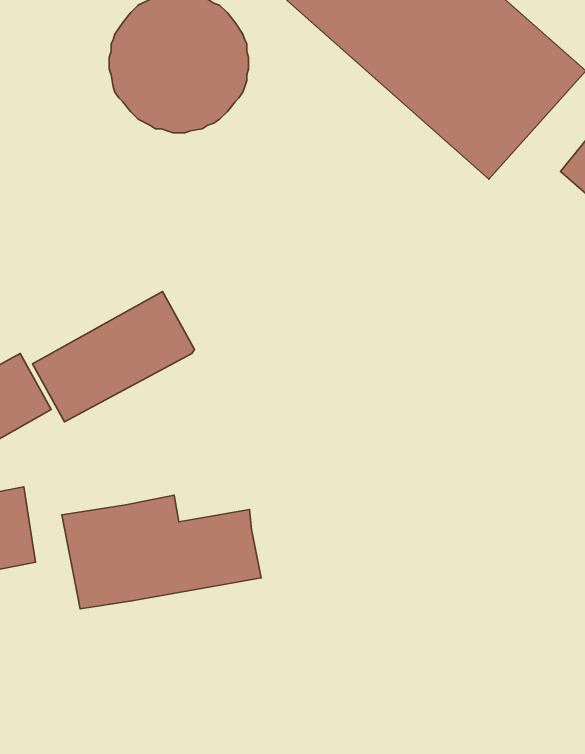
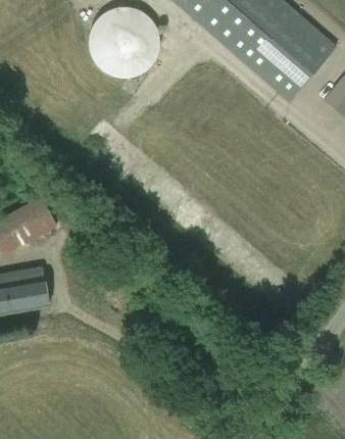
building: [32,292,195,422] -> none
building: [62,495,261,609] -> none

